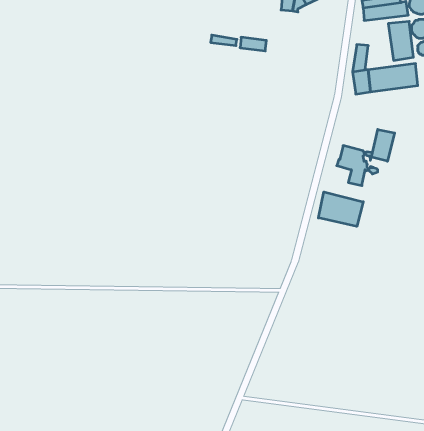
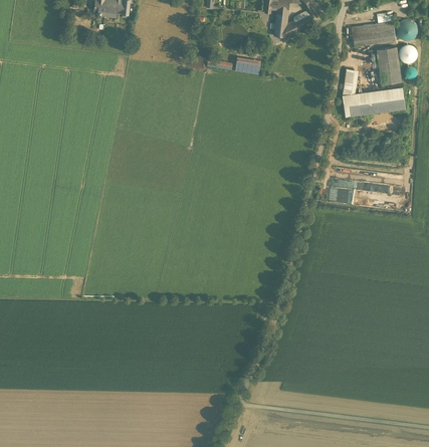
building: [372,129,395,161] -> none
building: [318,192,363,226] -> none

